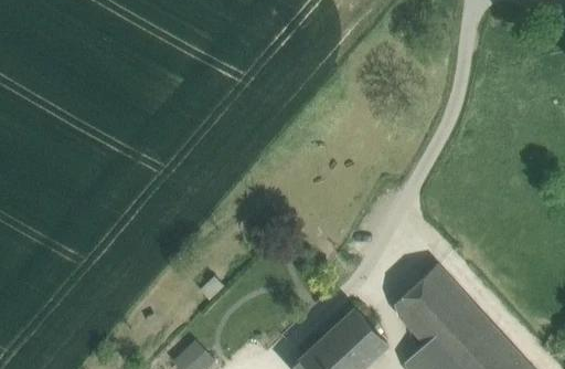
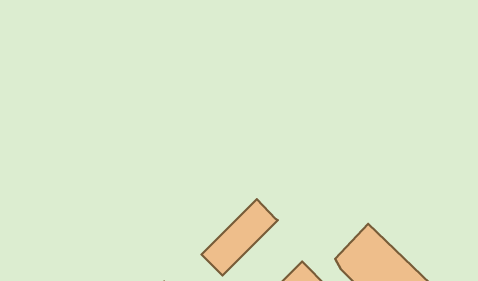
building: none -> [201,199,278,275]

